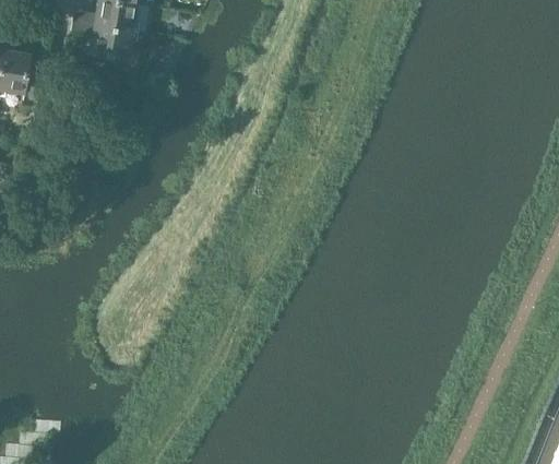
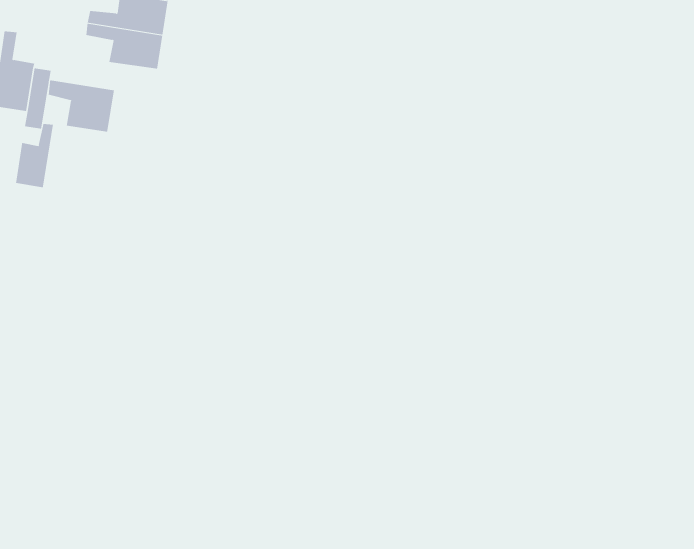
building: none -> [48,79,115,132]
building: none -> [15,123,53,188]

